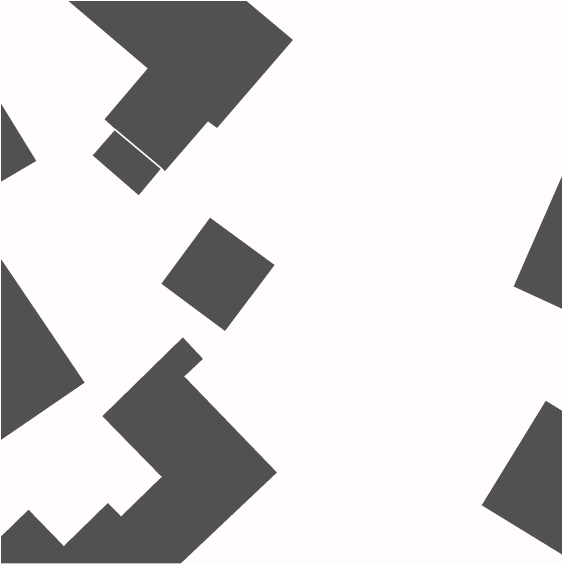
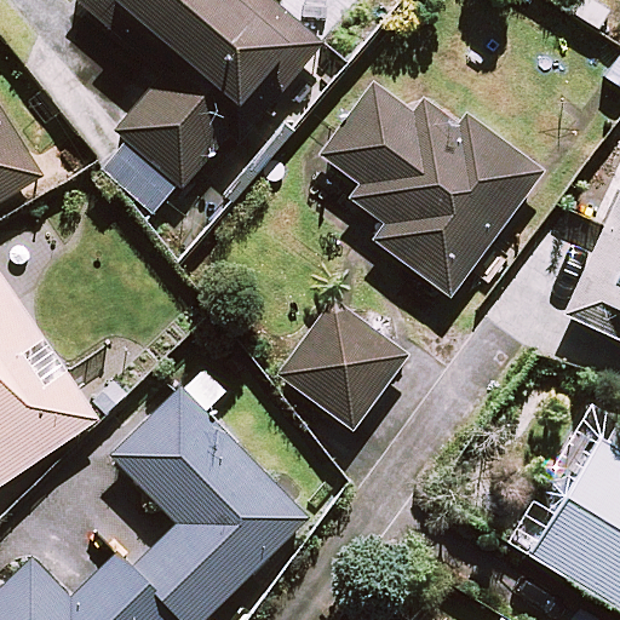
building: none -> [321,85,541,297]
building: [160,216,276,332] -> [279,302,406,429]

